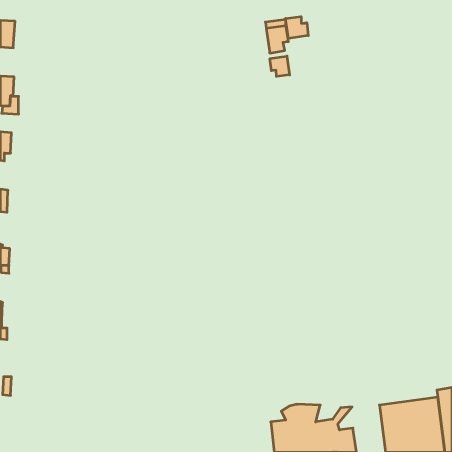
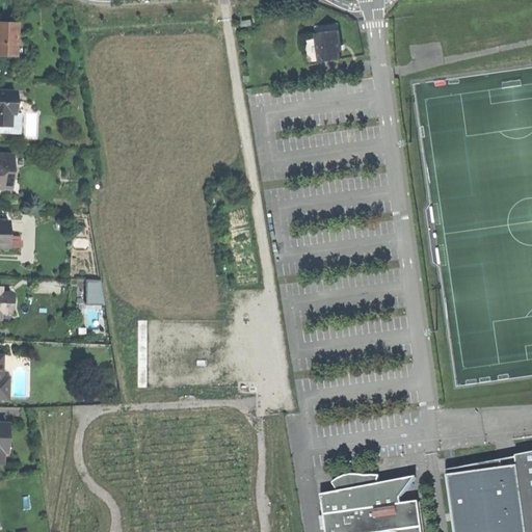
building: [286,17,308,39] -> none
building: [270,56,290,76] -> none
building: none -> [85,280,104,304]

